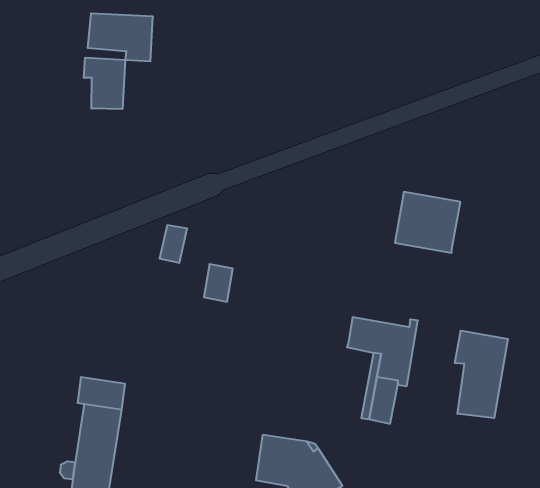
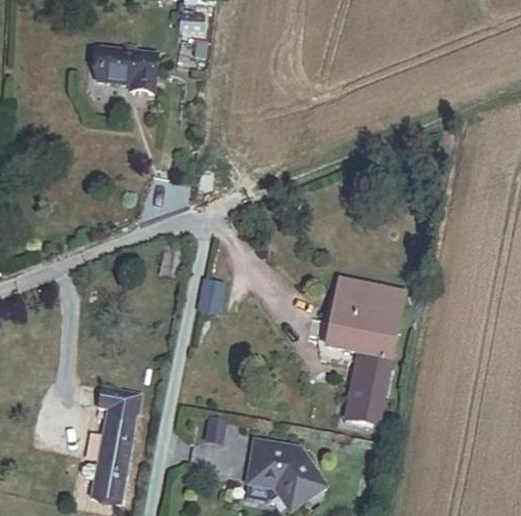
building: [84,58,125,109] -> none
building: [395,192,460,253] -> [339,282,399,338]
building: [455,331,508,418] -> none

